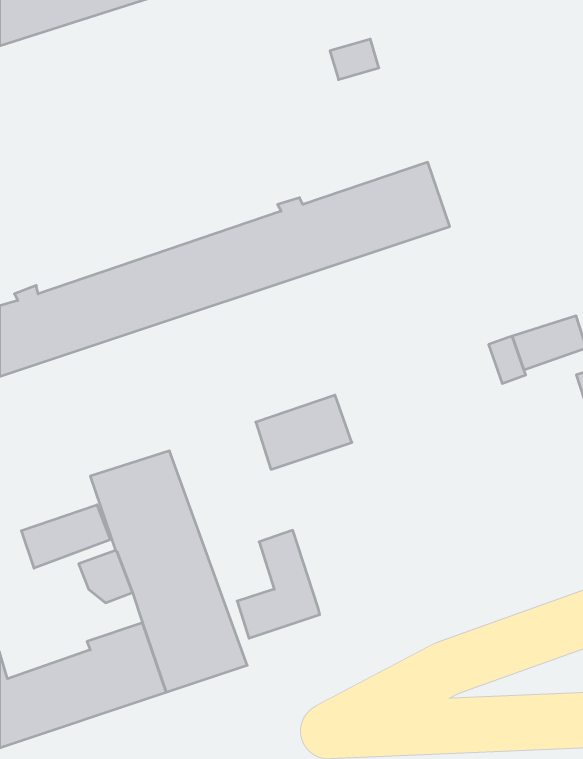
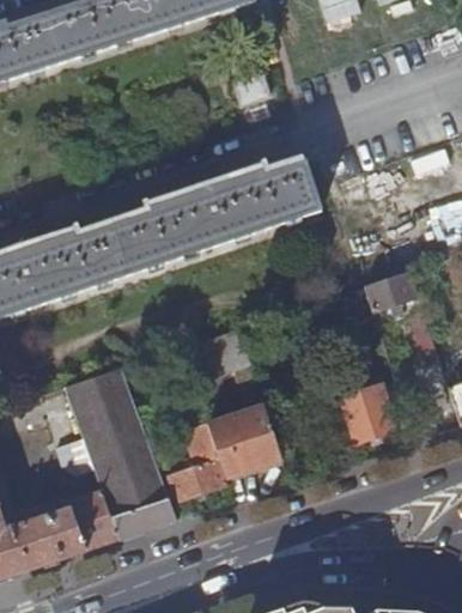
building: none -> [338,383,397,442]
building: [21,505,110,568] -> none
building: none -> [208,405,282,478]

